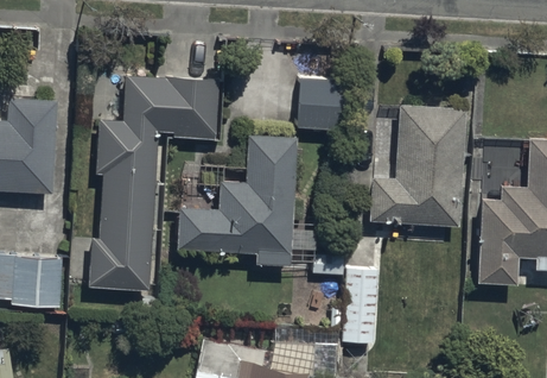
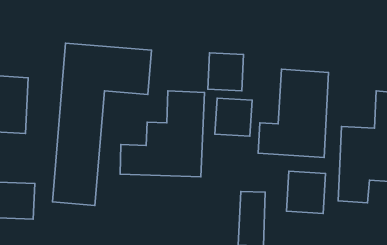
building: none -> [215,98,252,136]
building: none -> [286,171,326,214]

